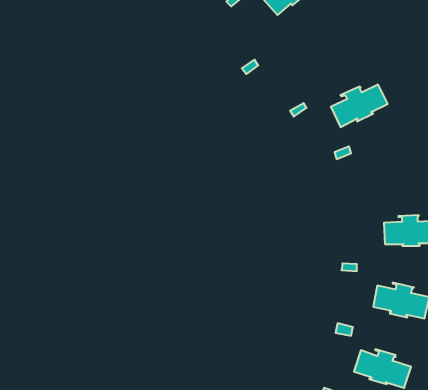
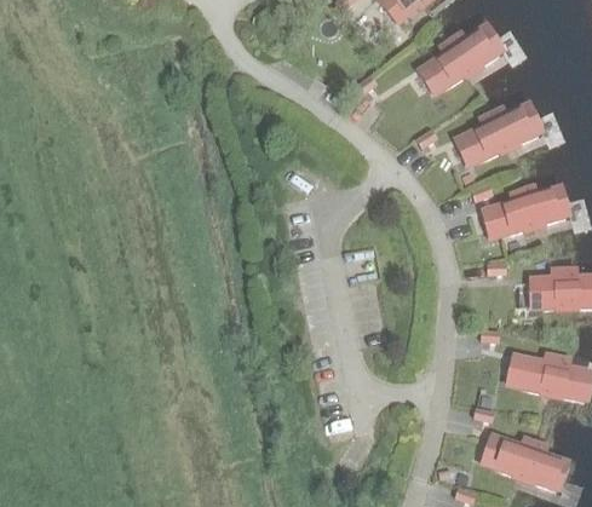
building: none -> [430,29,500,88]
building: none -> [495,189,567,235]

